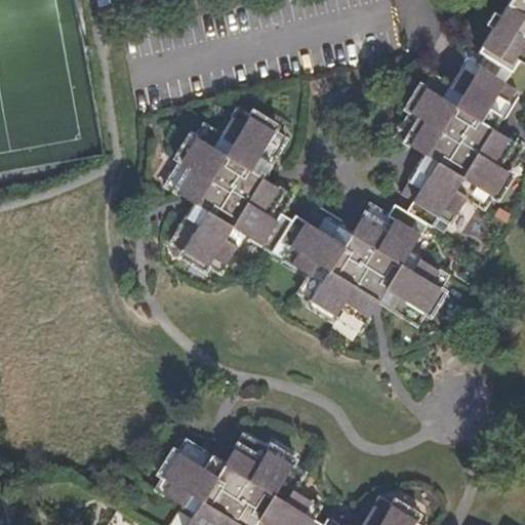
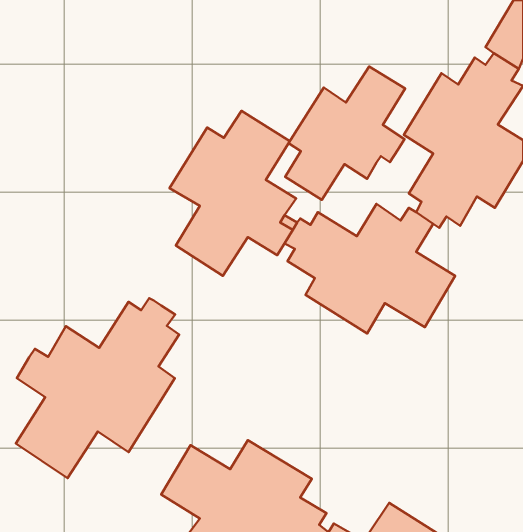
building: none -> [285,67,405,200]
building: none -> [16,298,179,478]

